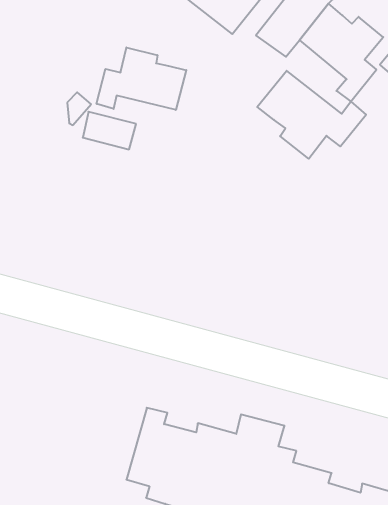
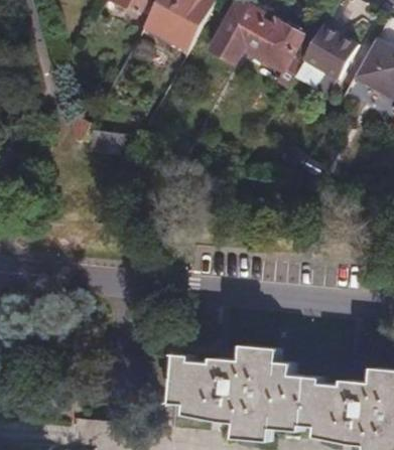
building: [97,47,186,110] -> none
building: [257,71,366,159] -> none

